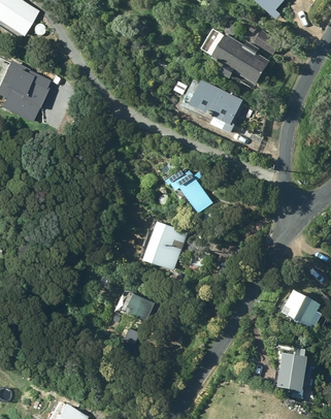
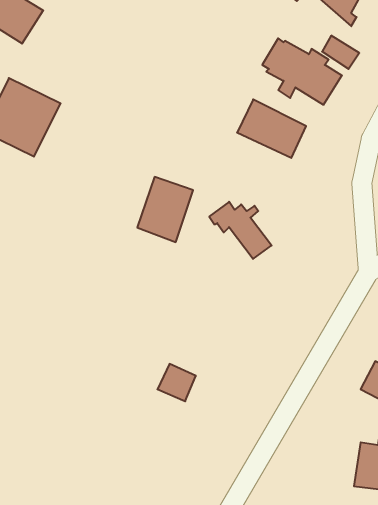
building: [145,213,189,263] -> [137,177,193,242]

